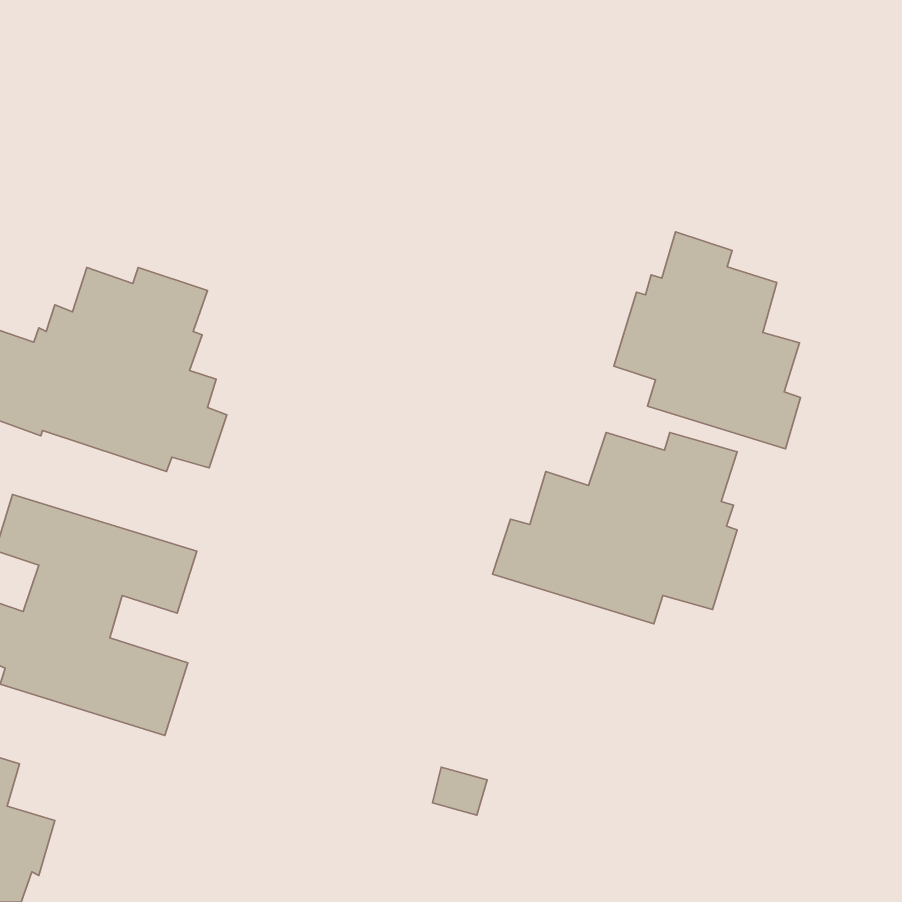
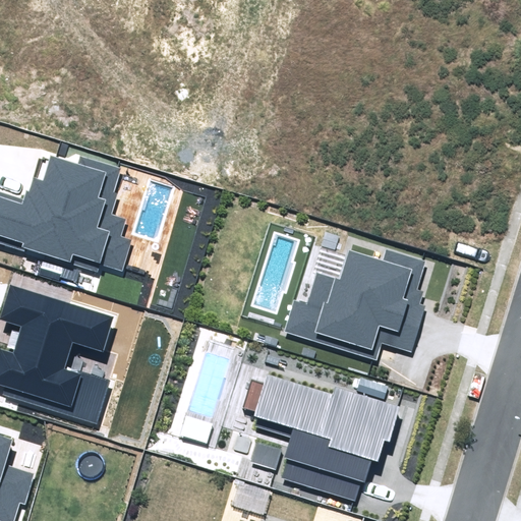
building: [614,232,800,449] -> none
building: none -> [252,372,397,501]

